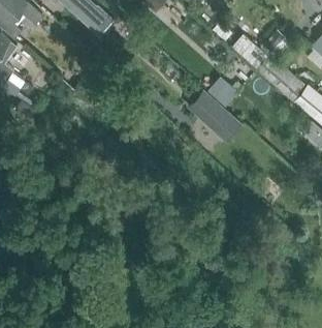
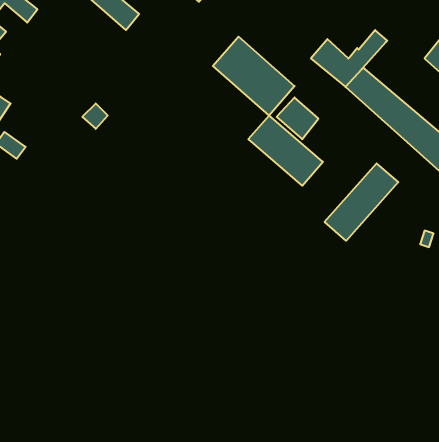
building: none -> [213,37,295,115]
building: none -> [325,163,398,241]

